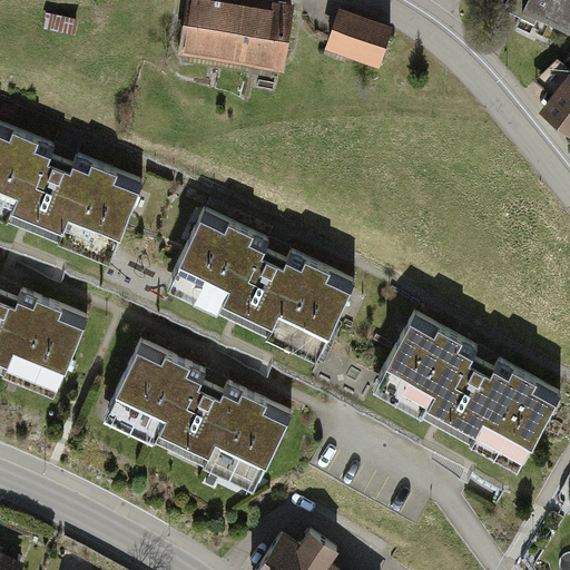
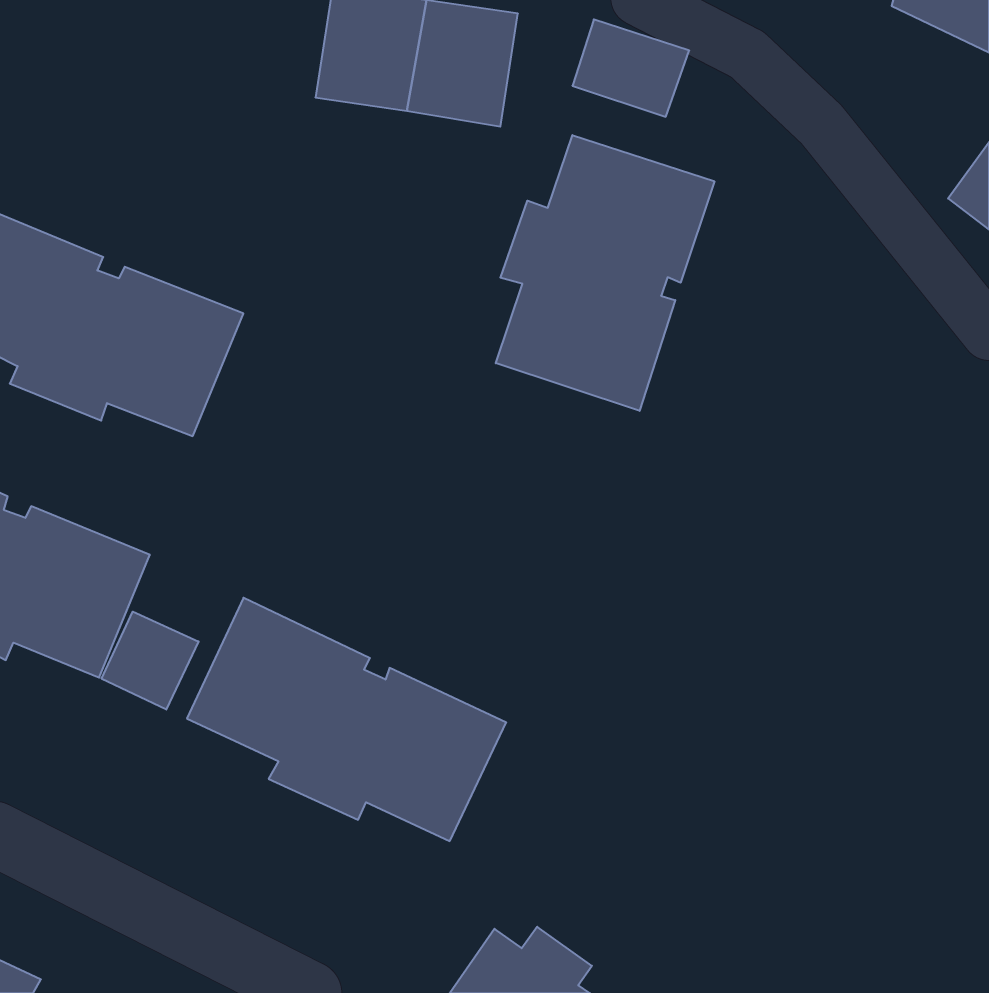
building: none -> [496,135,714,411]
building: [173,210,355,350] -> none
building: [377,317,560,461] -> none
building: none -> [102,612,199,710]

